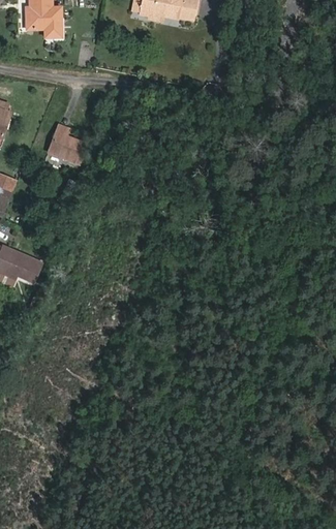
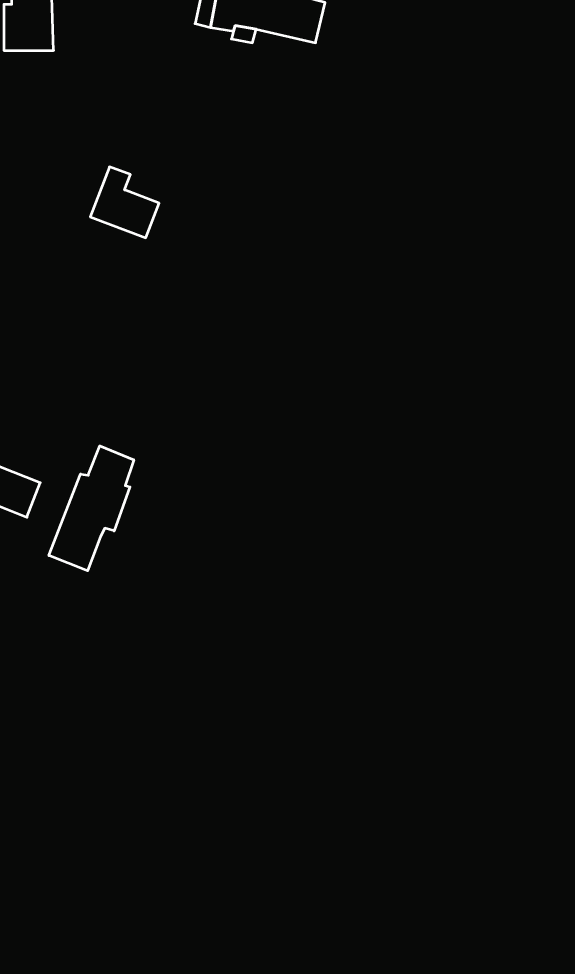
building: [50,123,87,161] -> [90,167,159,238]
building: none -> [49,446,134,571]

